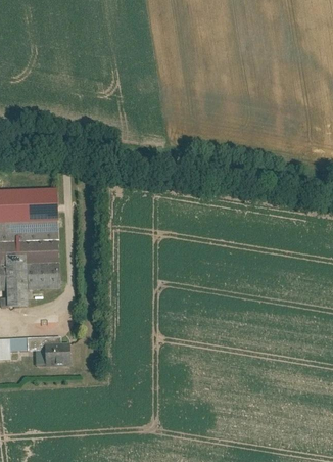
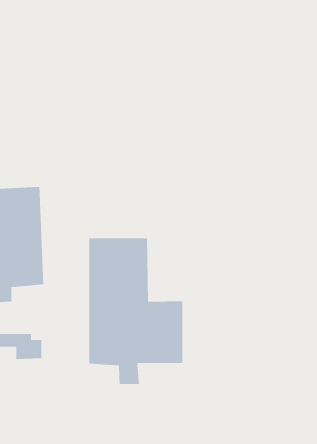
building: none -> [88,237,183,385]

